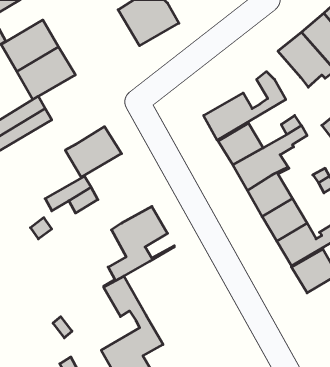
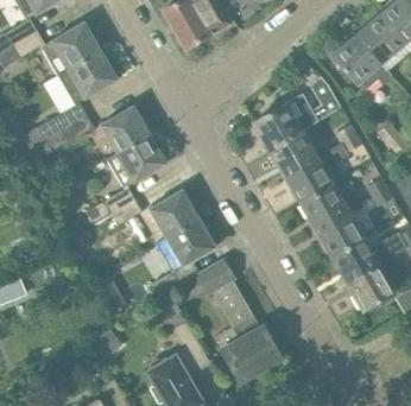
building: none -> [101,106,148,153]
building: none -> [150,189,198,236]
building: none -> [196,261,280,381]

